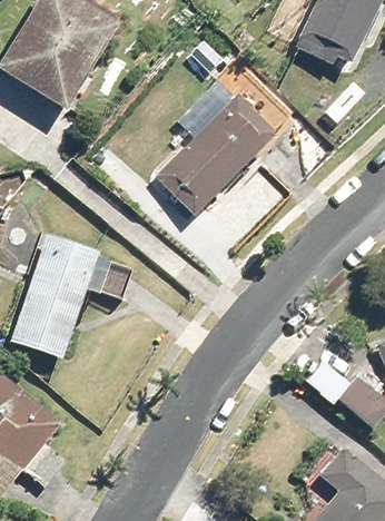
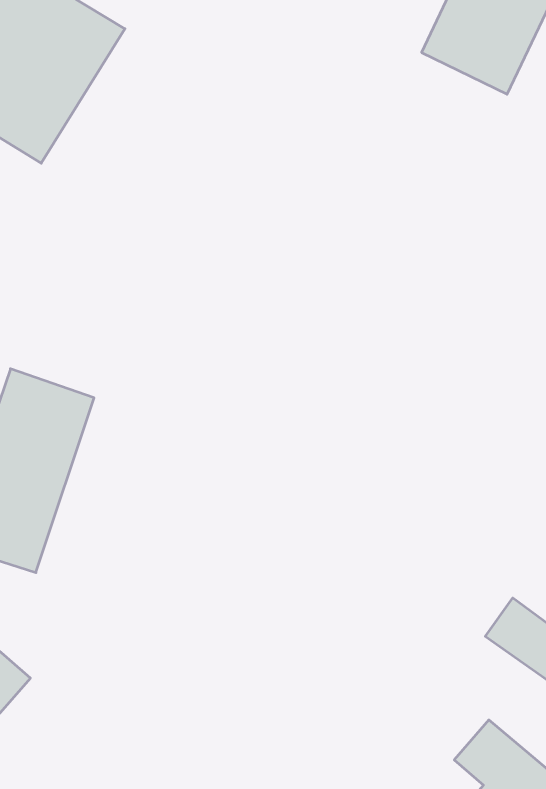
building: [157,97,275,214] -> none

